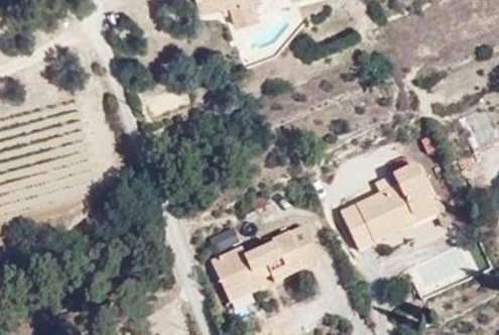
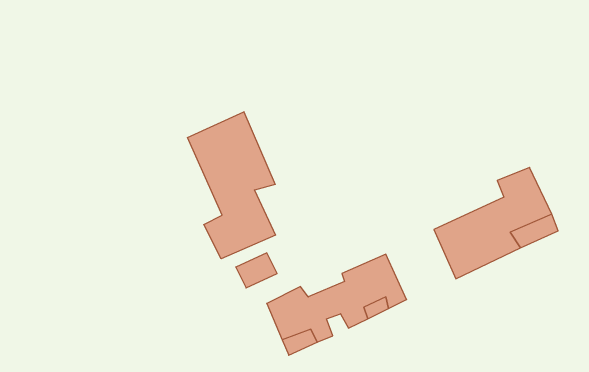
building: none -> [188,112,276,259]

